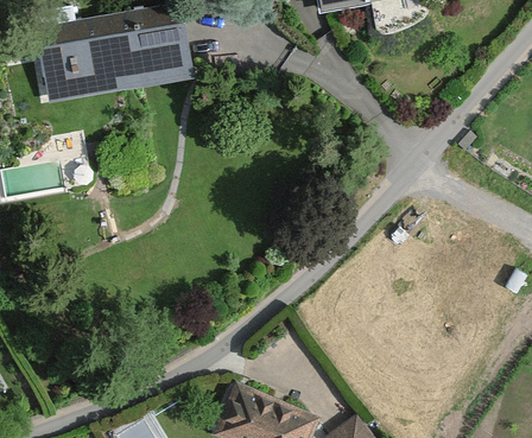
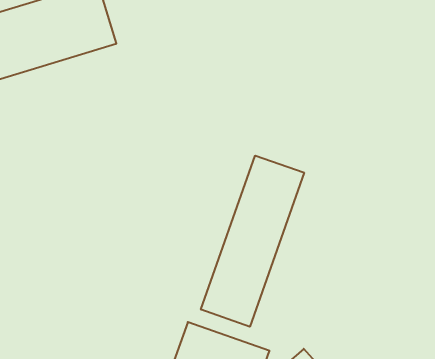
building: none -> [201,156,304,327]

